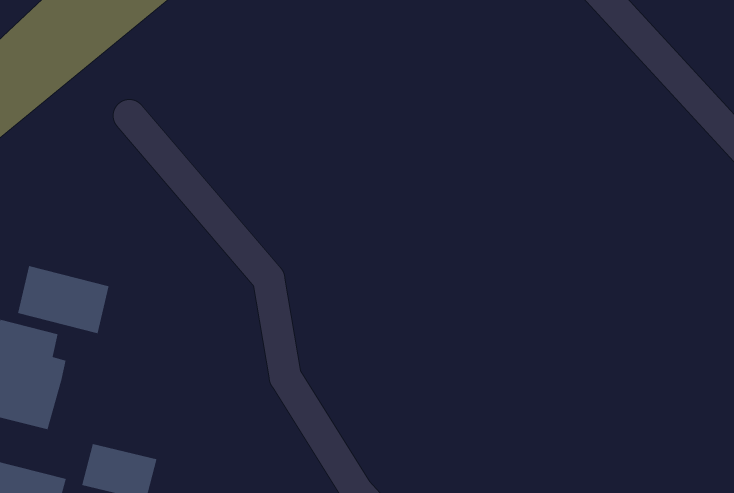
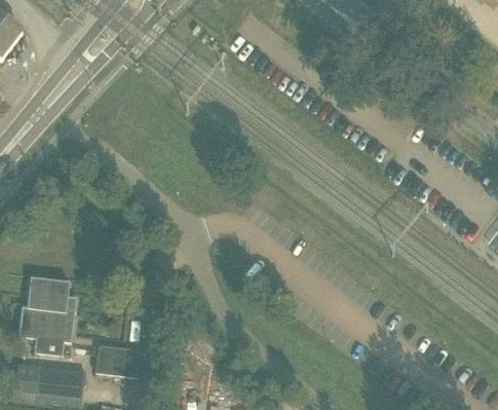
building: [17,265,110,334] -> none

